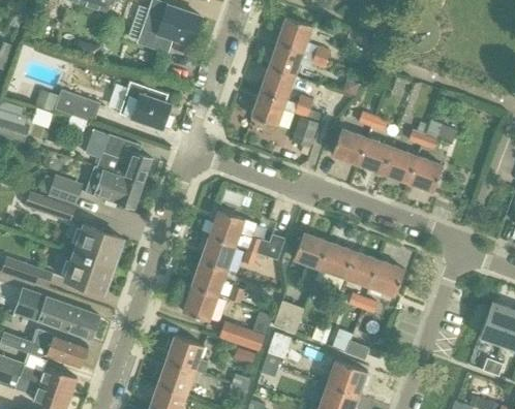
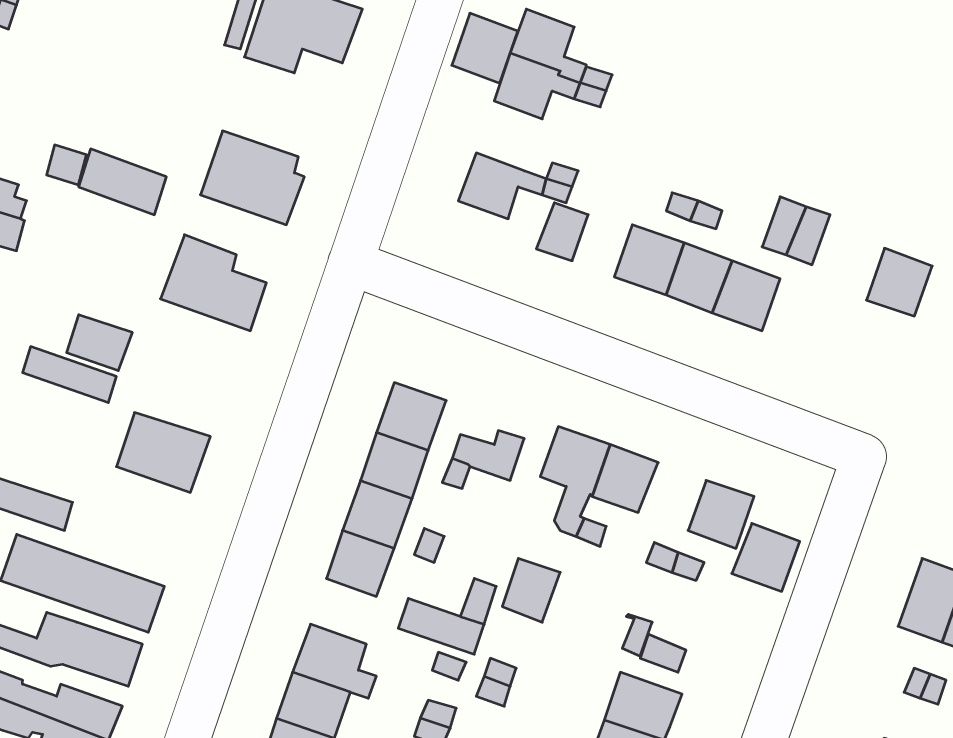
building: [261,65,295,101] -> [452,13,518,83]
building: [408,157,443,192] -> [866,248,932,316]
building: [87,166,144,210] -> none
building: [344,252,380,287] -> [732,523,800,591]
building: [65,254,113,293] -> none

